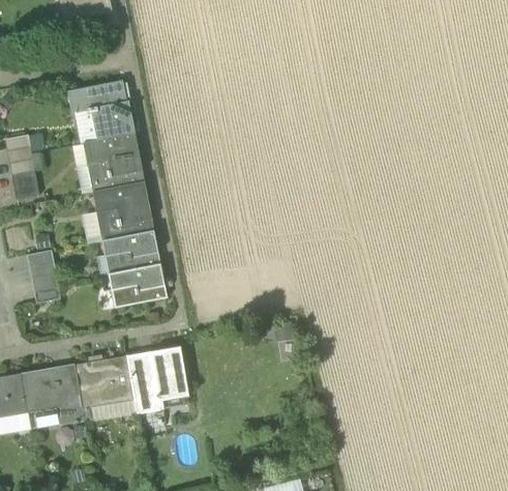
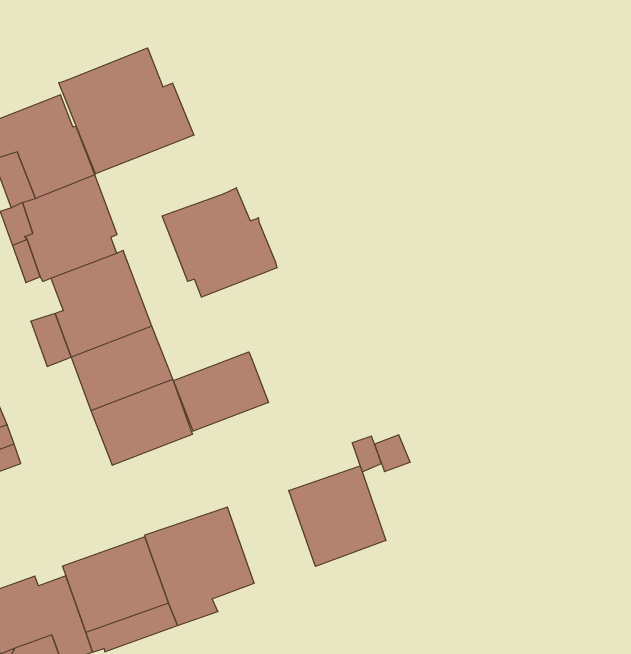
building: none -> [59,48,194,174]
building: none -> [162,188,277,297]
building: none -> [173,352,268,431]
building: none -> [289,466,386,566]

